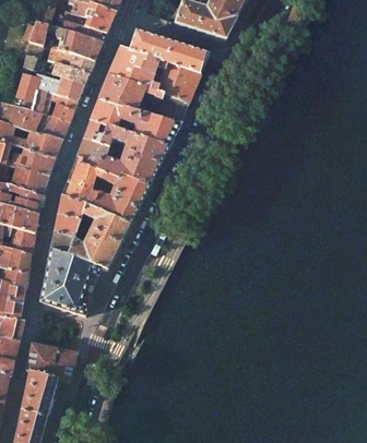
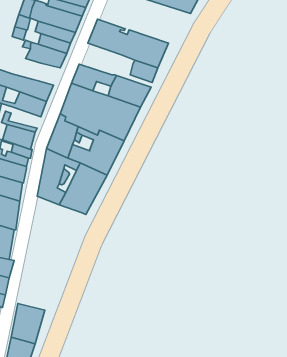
building: [129,31,209,74] -> none
building: [98,74,145,110] -> none
building: [22,91,76,122] -> none
building: [17,147,55,171] -> none
building: [39,249,100,315] -> none
building: [26,344,75,382] -> none

